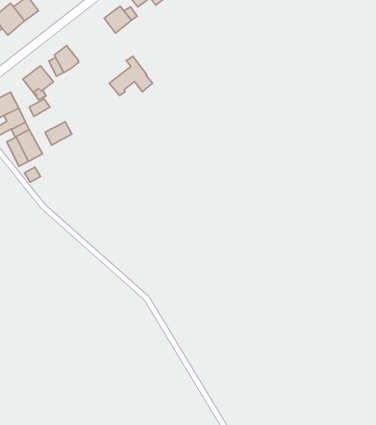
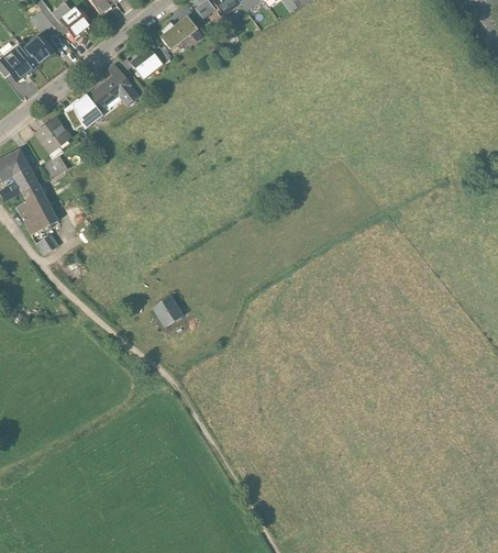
building: [109,56,152,95] -> [88,63,139,109]
building: [45,122,72,145] -> none
building: none -> [153,295,184,325]

